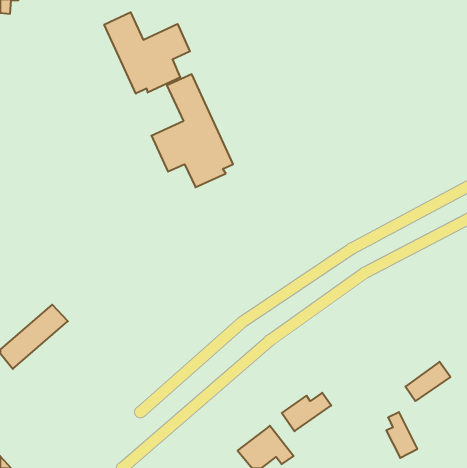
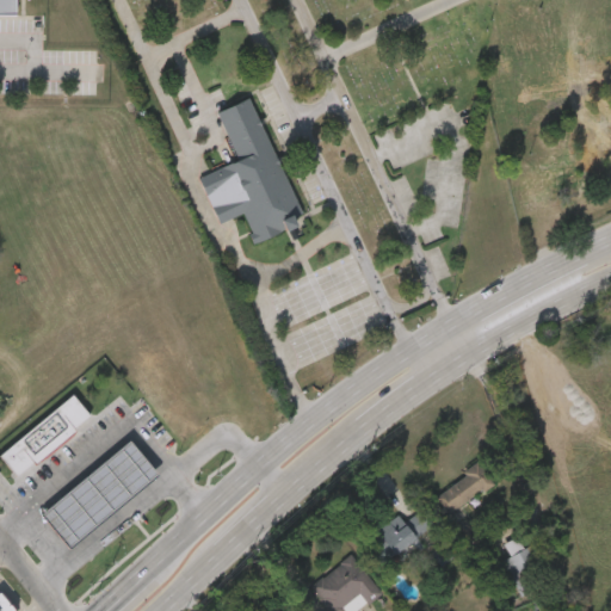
building: [104,12,190,94] -> none
building: none -> [41,440,156,548]
building: [405,362,450,401] -> [437,462,495,513]

